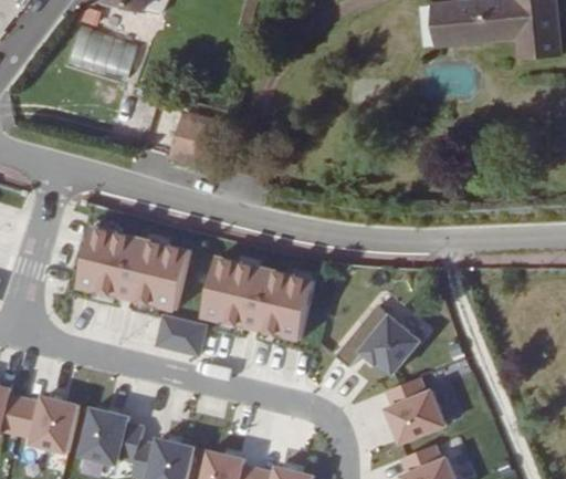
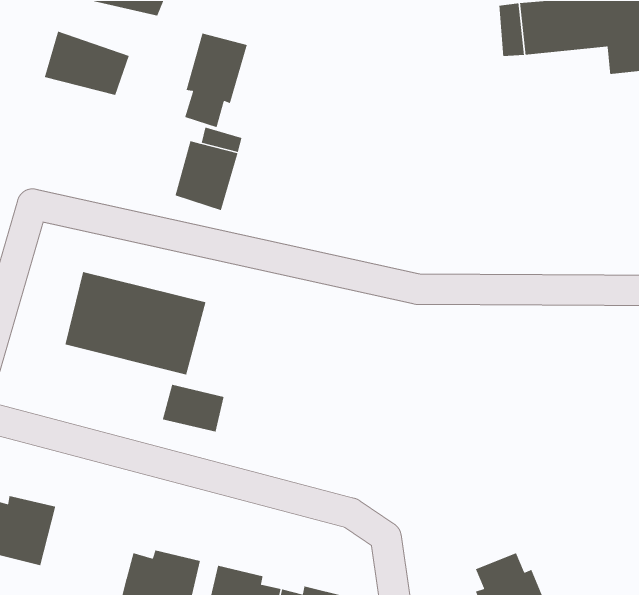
building: none -> [184,33,248,128]
building: [205,250,316,333] -> none
building: [336,300,426,372] -> none
building: [390,376,450,441] -> none
building: [74,409,137,466] -> none

